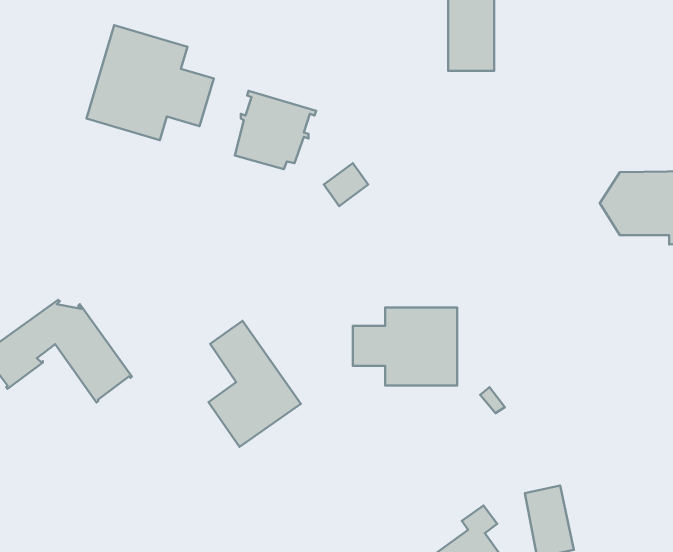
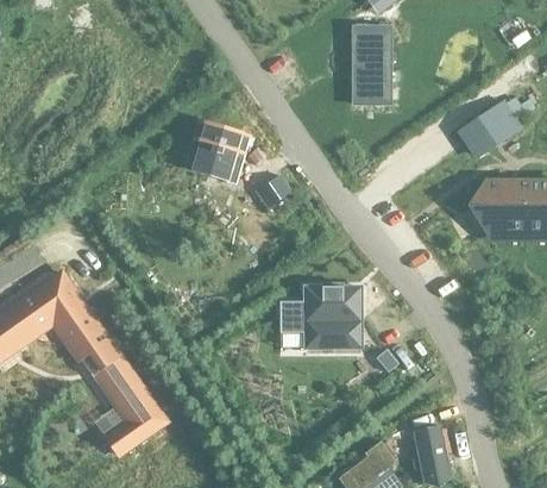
building: [87,25,214,140] -> none
building: none -> [455,99,522,159]
building: [209,321,301,447] -> [94,357,165,455]

